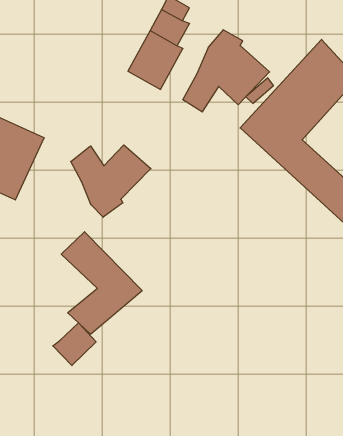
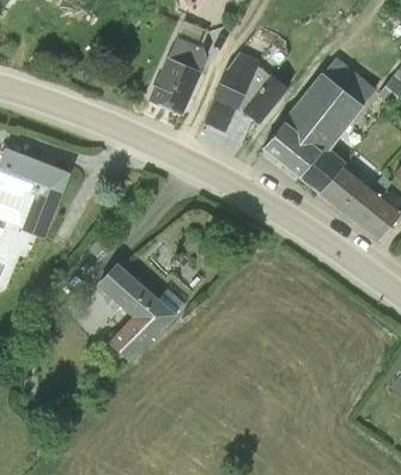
building: [71,145,151,217] -> none
building: [53,323,96,366] -> none

